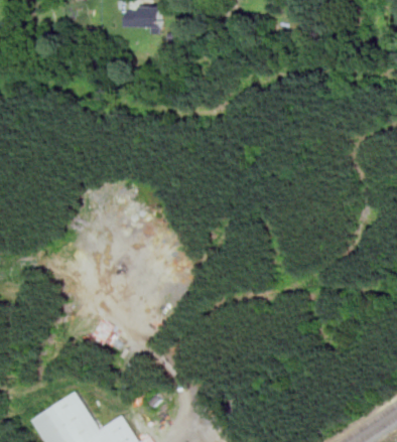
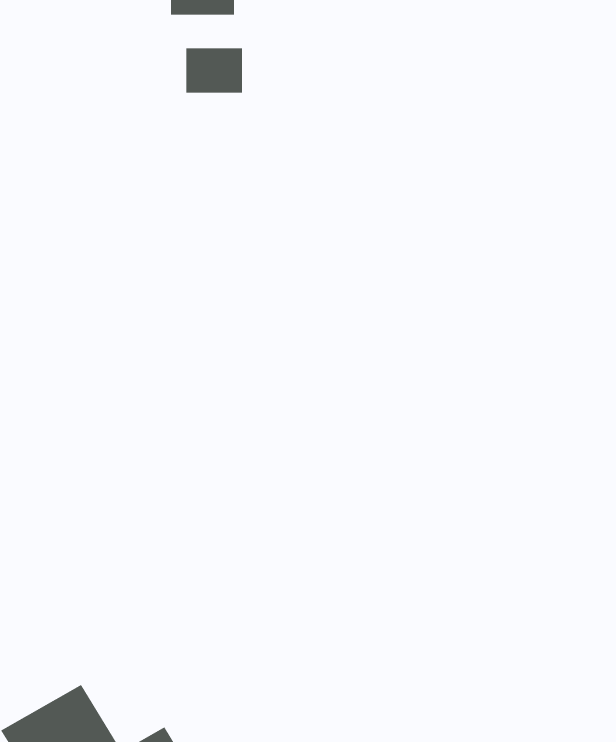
building: none -> [186,48,242,94]

